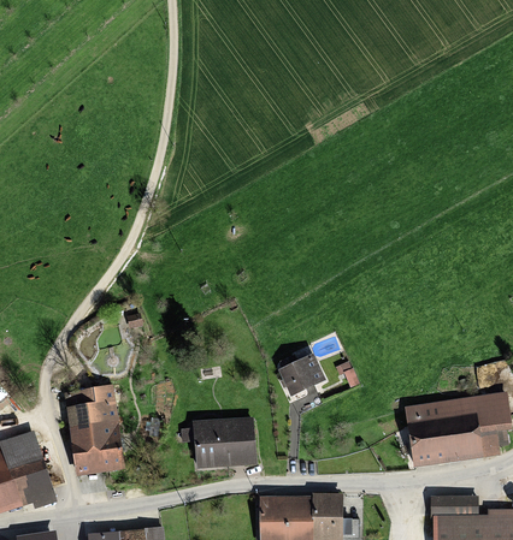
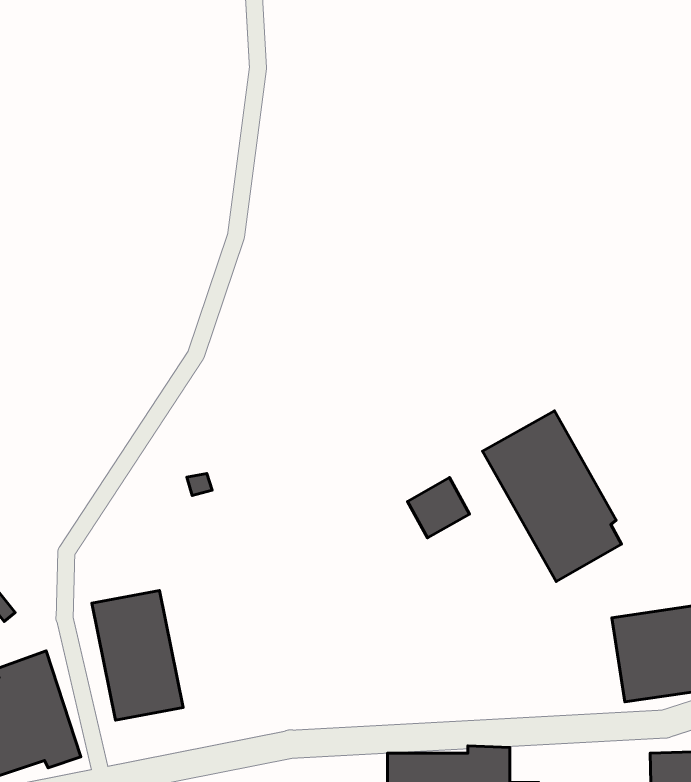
building: none -> [483,411,621,581]
building: [281,354,322,393] -> [408,478,470,538]
building: [193,419,253,465] -> none

